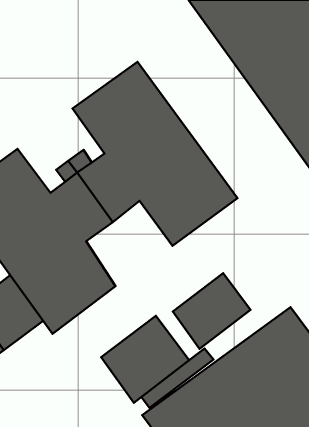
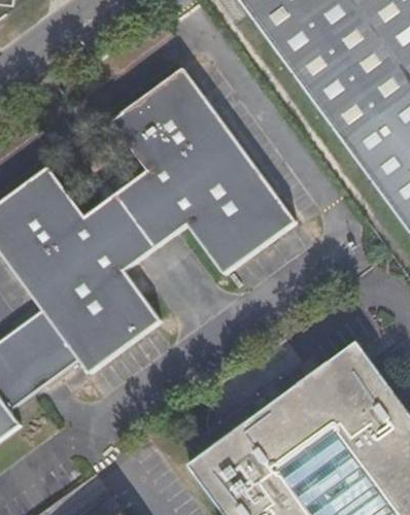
building: [173,273,250,349] -> none
building: [101,316,189,403] -> none

